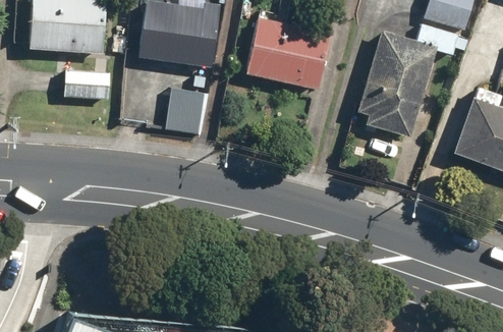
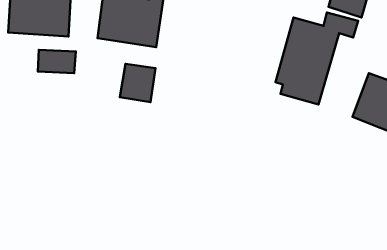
building: [245,15,334,89] -> none

